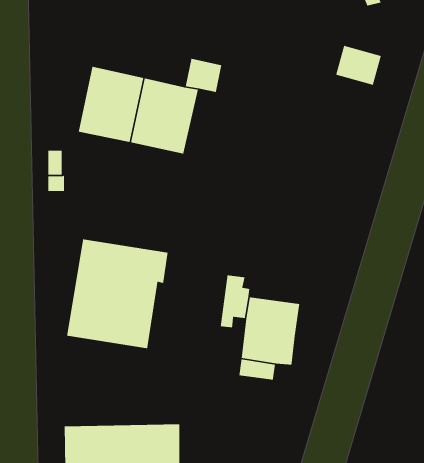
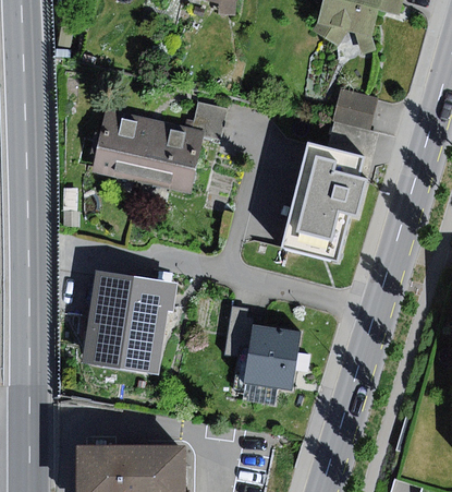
building: none -> [281,143,366,261]

